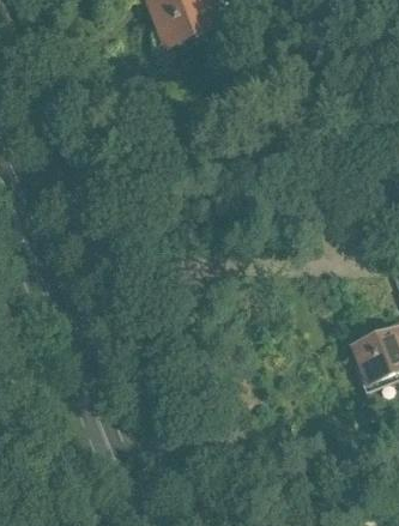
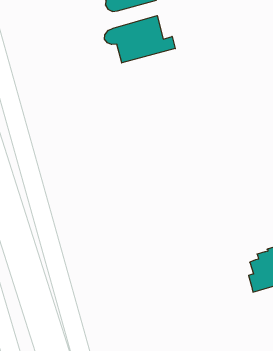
building: none -> [104,16,175,63]

